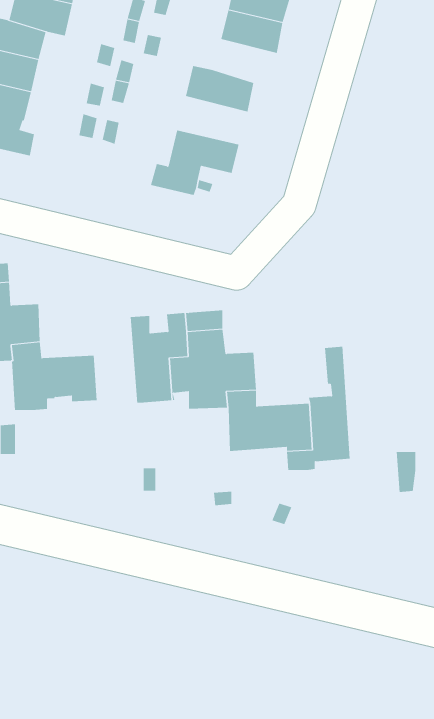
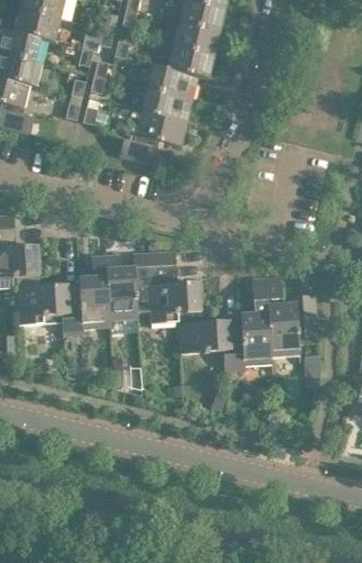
building: none -> [167,45,216,80]
building: none -> [140,88,194,124]
building: none -> [61,254,110,333]
building: none -> [265,275,318,361]

